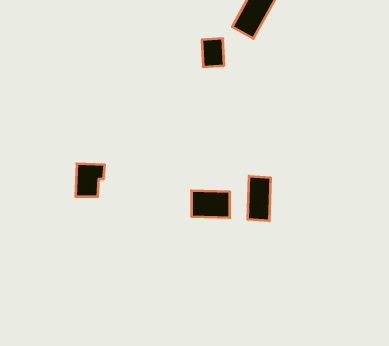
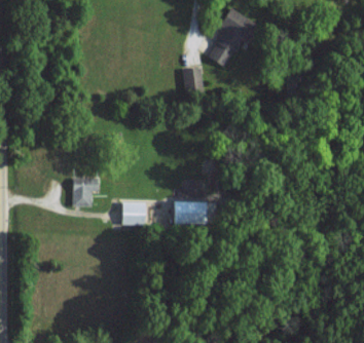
building: [248,176,270,221] -> none
building: none -> [121,202,144,224]

